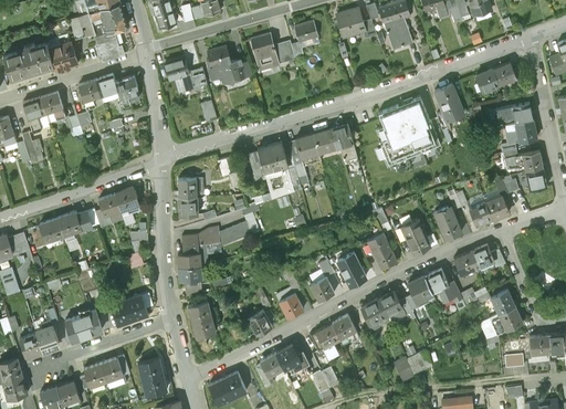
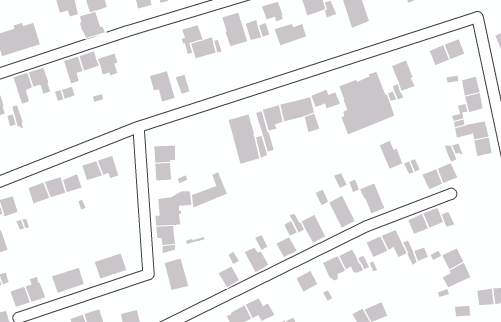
building: [45,35,78,72] -> none
building: none -> [274,23,307,46]
building: [165,59,193,93] -> [149,71,176,102]
building: none -> [310,89,341,109]
building: [434,208,461,240] -> [379,140,403,170]
building: [310,323,339,350] -> none

